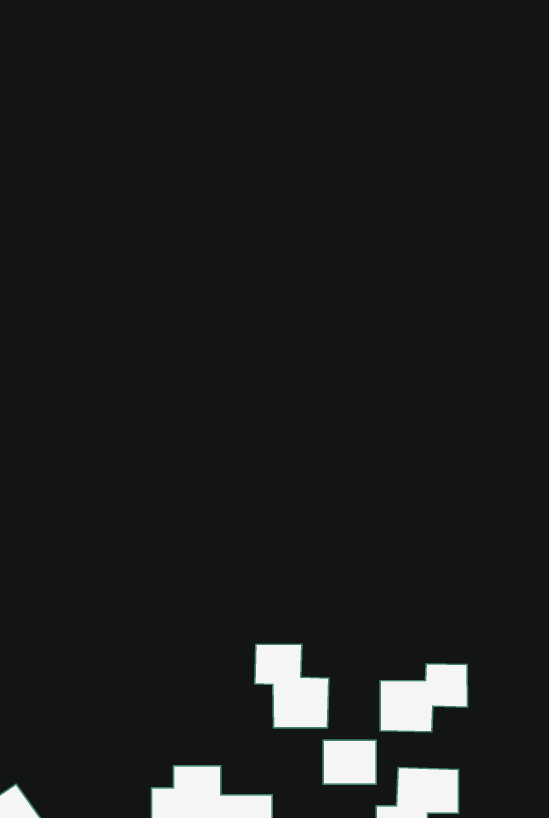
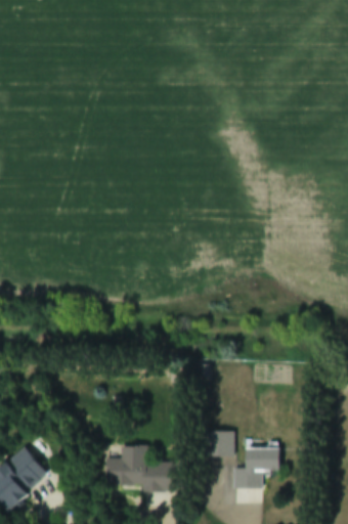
building: [255,644,329,728] -> none
building: [380,664,467,732] -> none

